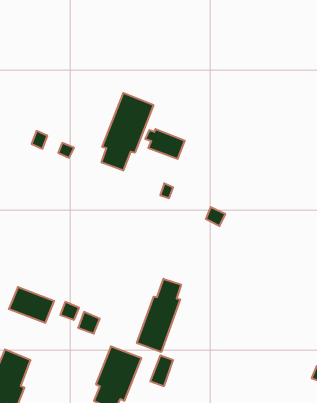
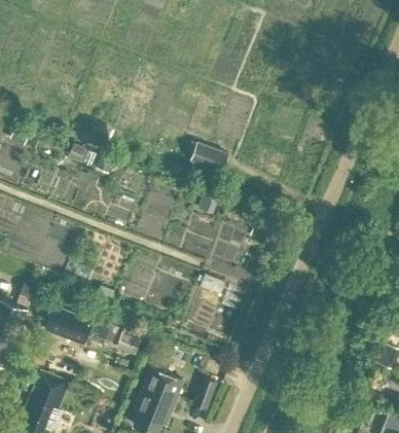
building: [102,93,153,171] -> none
building: [137,279,181,352] -> none

